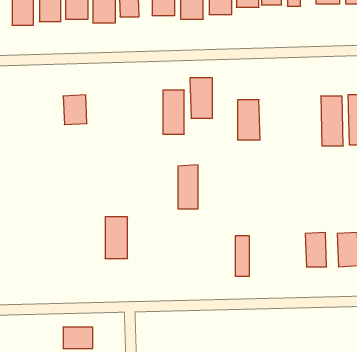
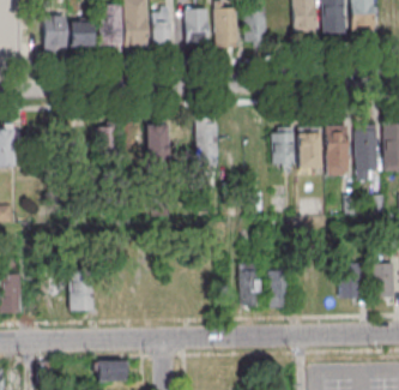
building: [190,78,212,118] -> [297,127,320,168]
building: none -> [147,125,168,161]
building: none -> [326,125,349,175]
building: [178,165,198,209] -> [240,262,260,306]
building: [105,217,128,258] -> [69,269,92,311]

